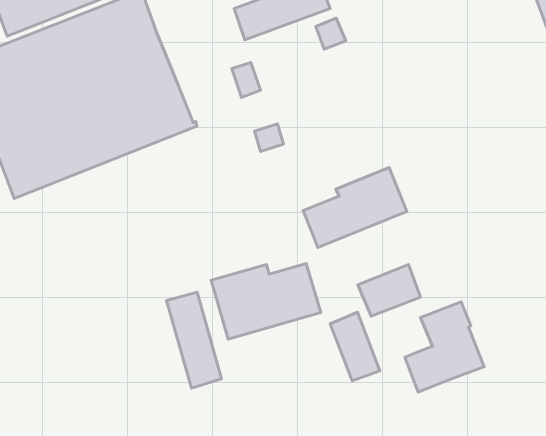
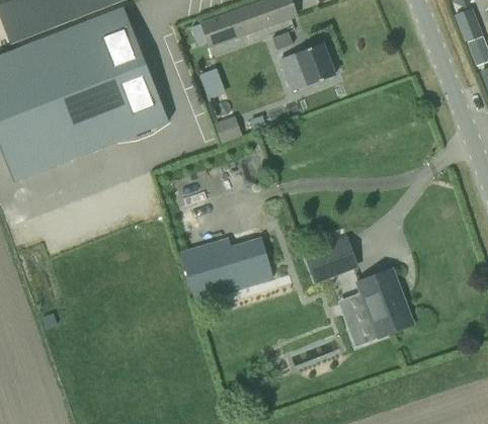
building: none -> [282,43,335,89]
building: [303,167,407,248] -> none
building: [166,292,221,388] -> none
building: [330,312,380,381] -> none

